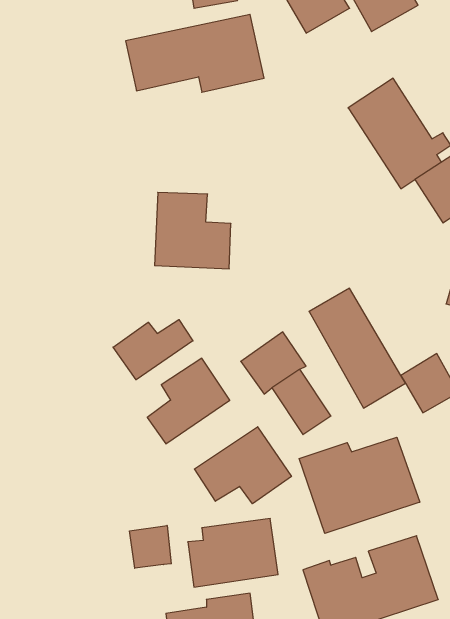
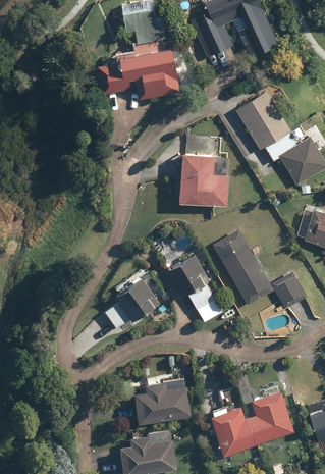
building: [155,192,231,269] -> [177,158,227,208]
building: [113,320,193,380] -> none
building: [194,427,291,504] -> none
building: [299,437,420,533] -> none
building: [130,525,171,568] -> none

